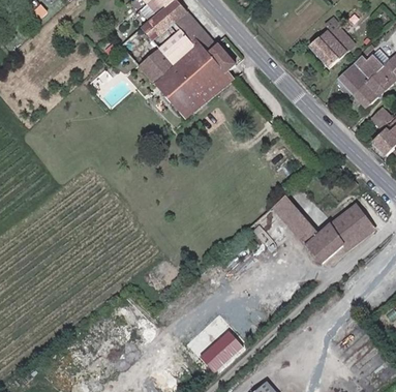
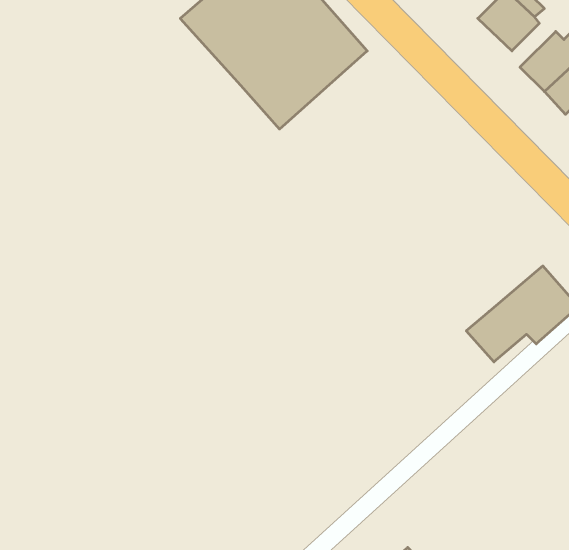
building: [271,199,317,247] -> none
building: [203,339,238,373] -> none

